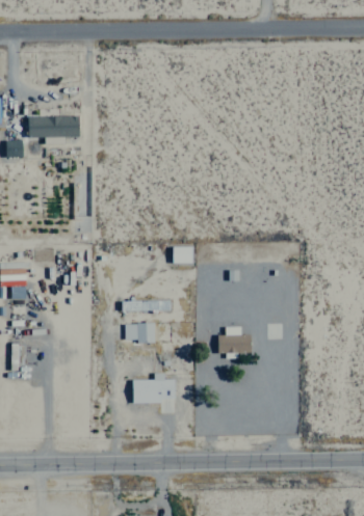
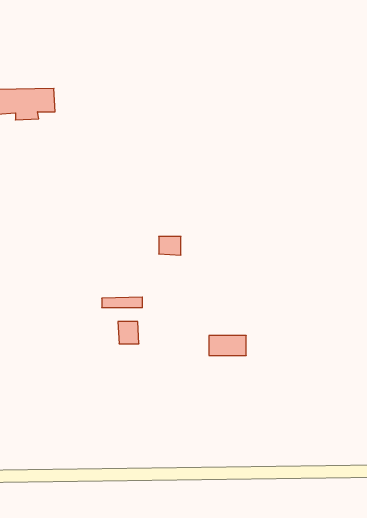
building: [132,373,175,403] -> none

